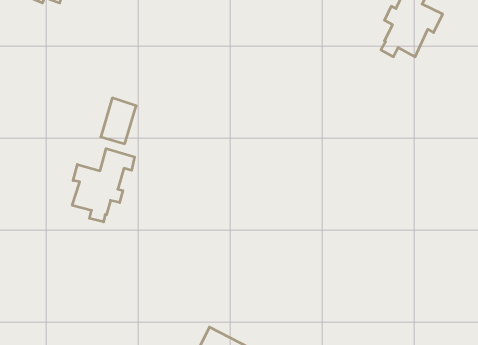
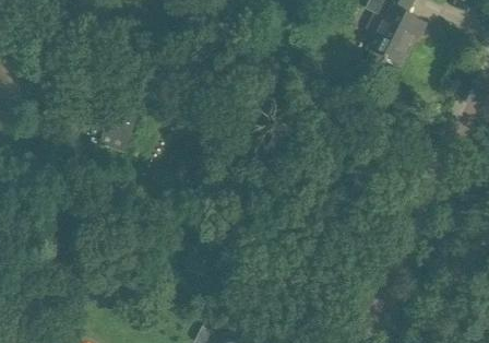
building: [72,149,135,222] -> none

